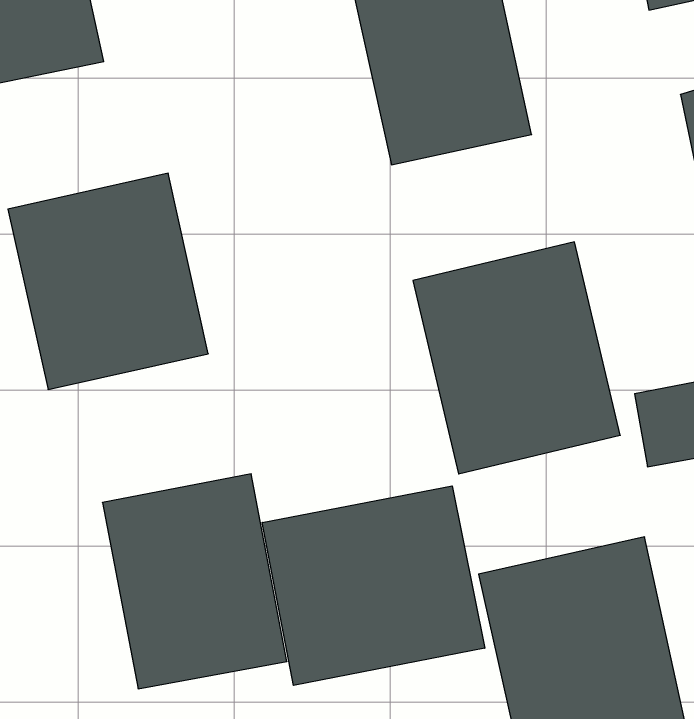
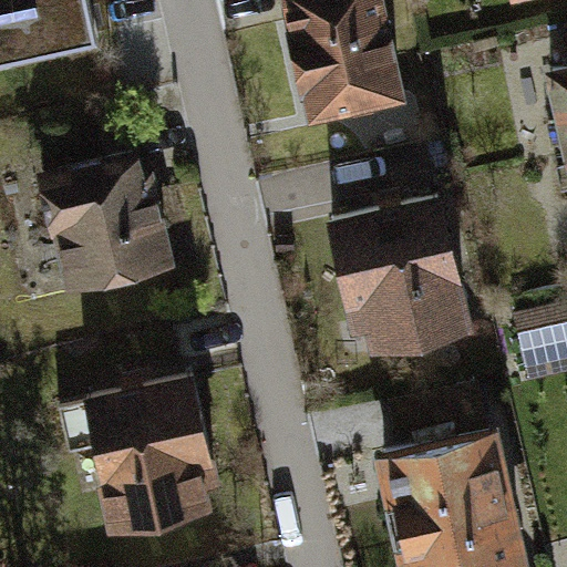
building: [262,486,485,685] -> none

